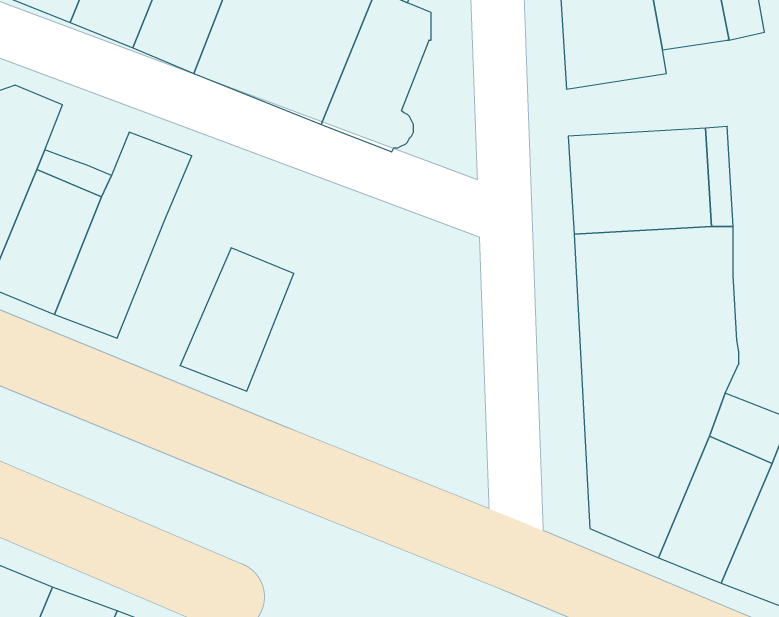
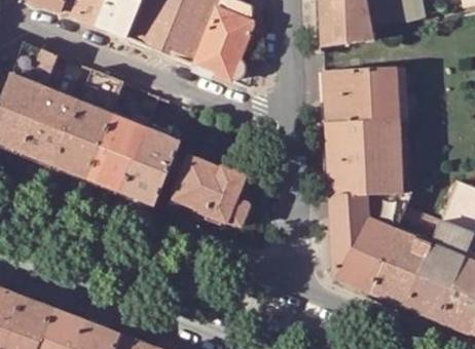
building: none -> [86,117,146,193]
building: none -> [172,157,249,227]

